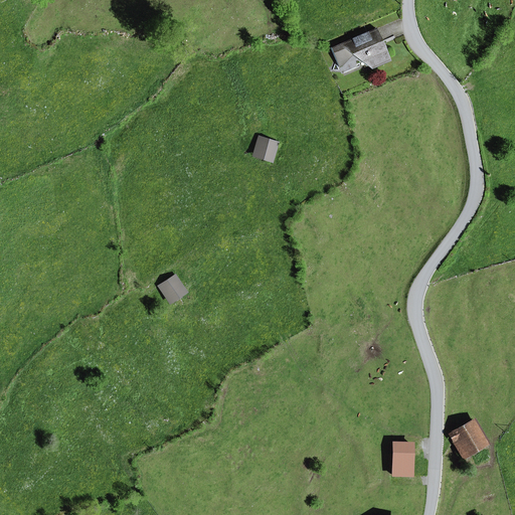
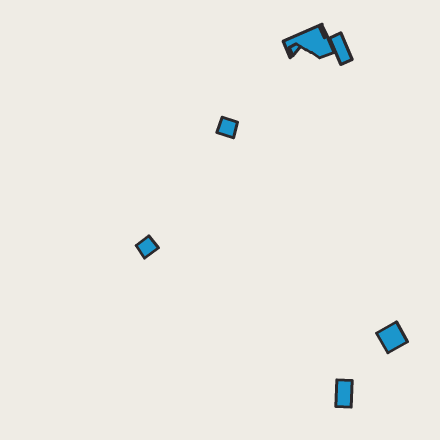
building: none -> [330,33,352,65]
building: [450,420,486,457] -> [377,322,408,353]

